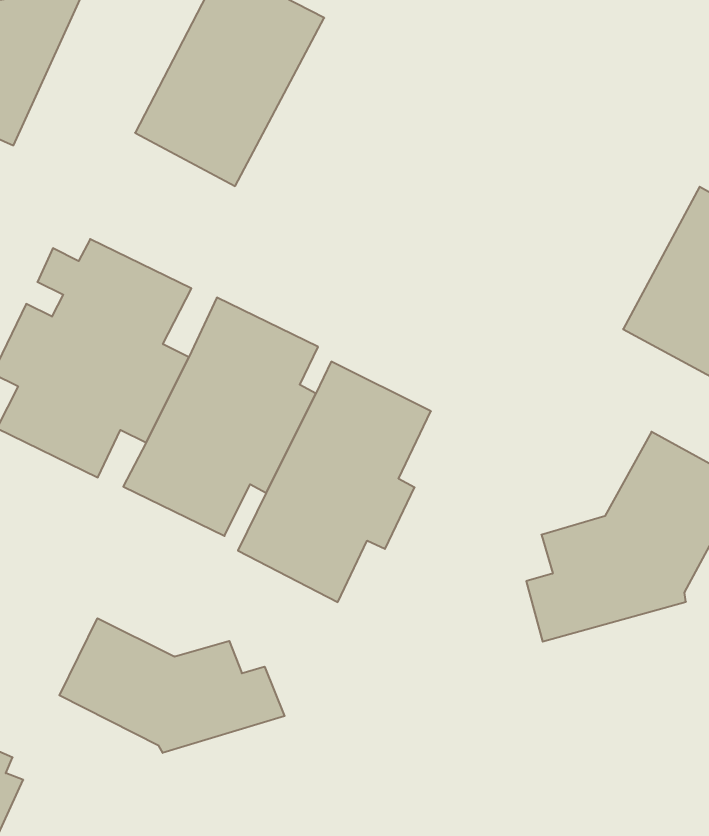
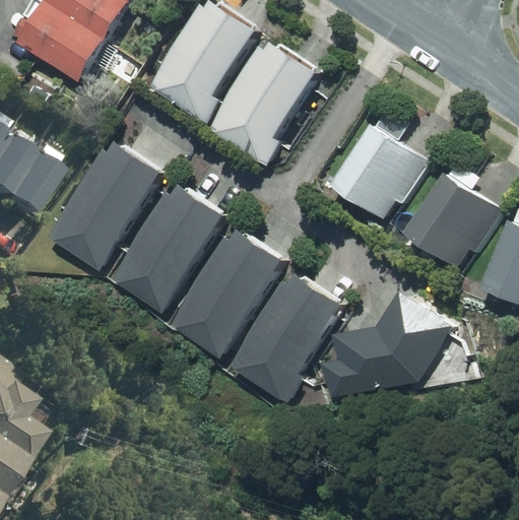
building: none -> [208,41,322,162]
building: none -> [328,107,429,221]
building: none -> [228,270,346,406]
building: [59,618,285,753] -> none

